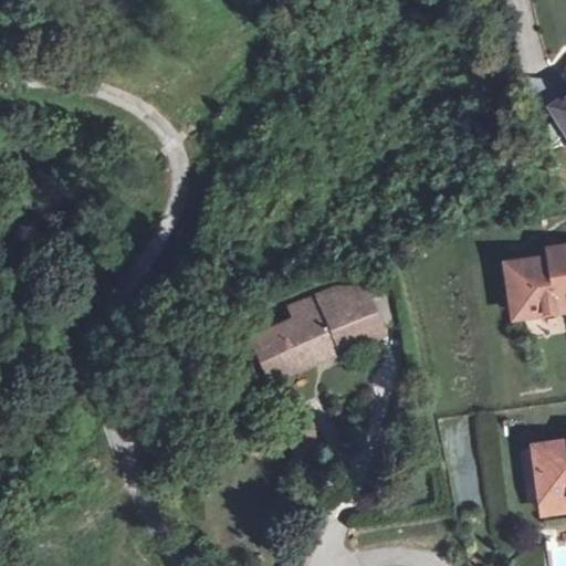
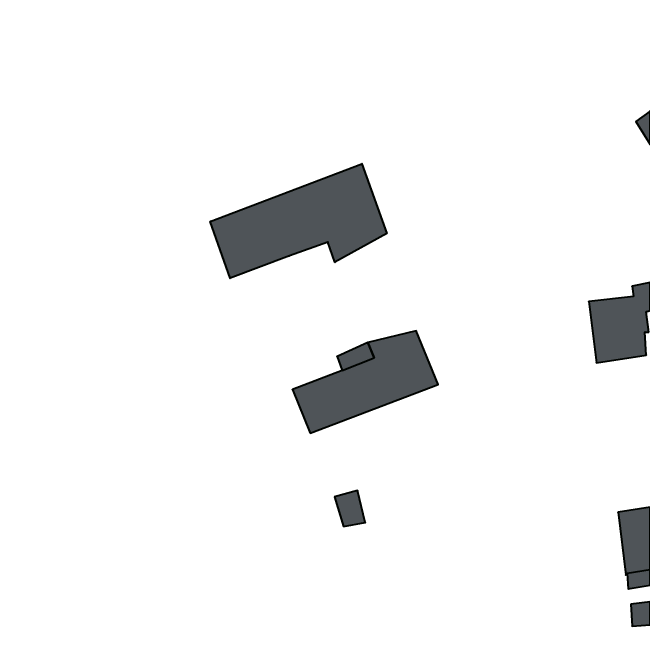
building: none -> [210,164,387,278]

